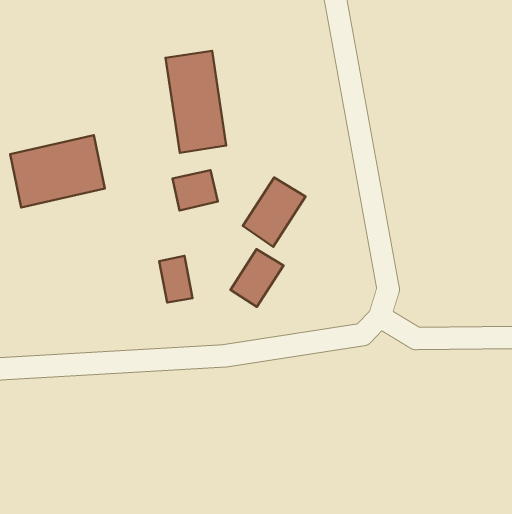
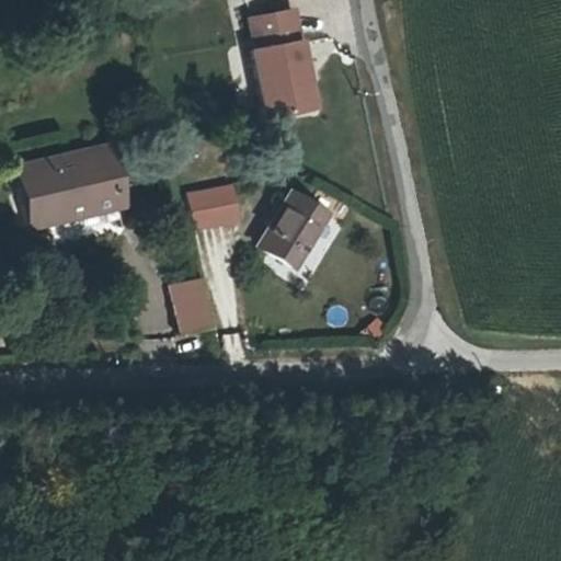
building: [166,51,226,153] -> [249,7,314,117]
building: [230,249,283,307] -> none

